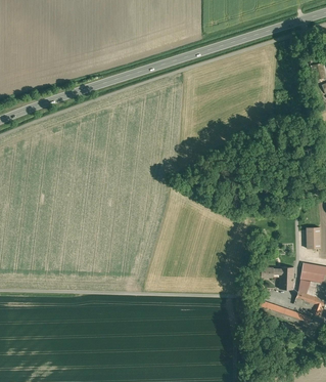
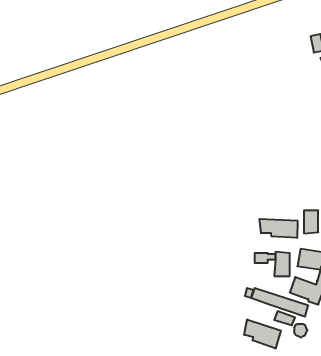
building: none -> [259,219,297,238]
building: none -> [244,319,281,349]

